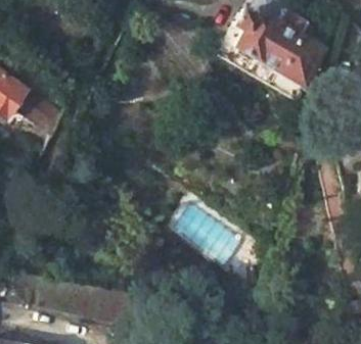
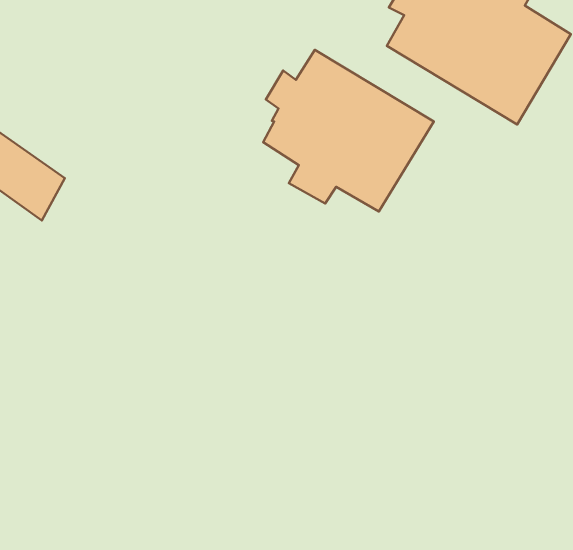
building: none -> [263,50,434,212]

